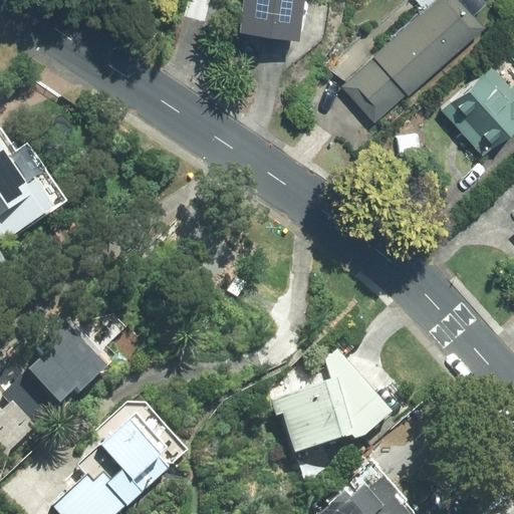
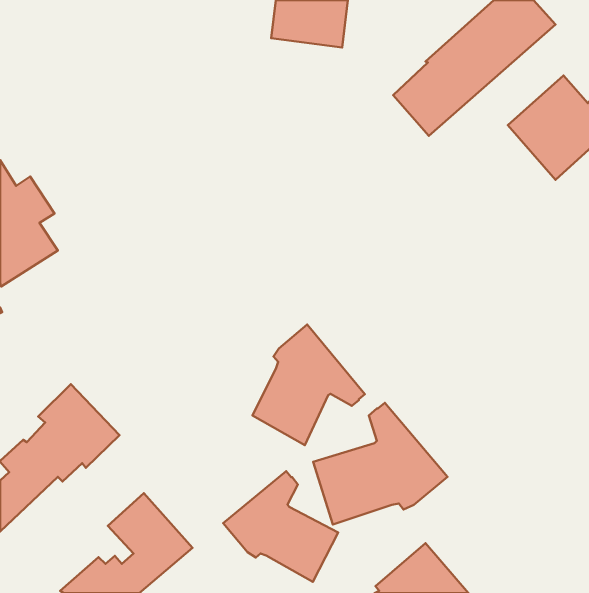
building: none -> [252,325,365,445]
building: none -> [223,471,338,582]

